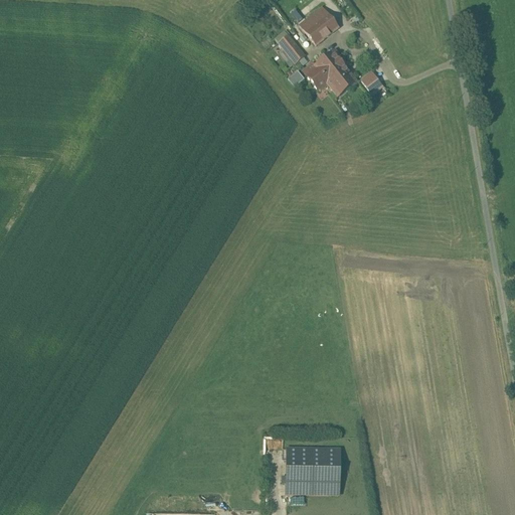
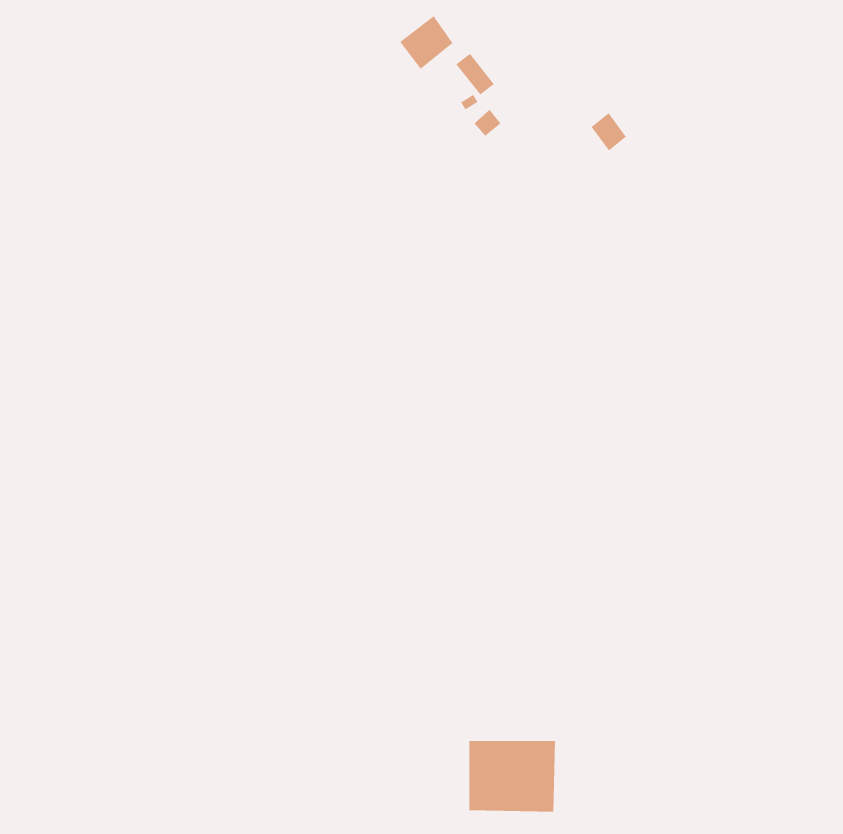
building: [301,5,334,38] -> [399,15,454,70]
building: [307,47,356,94] -> none

